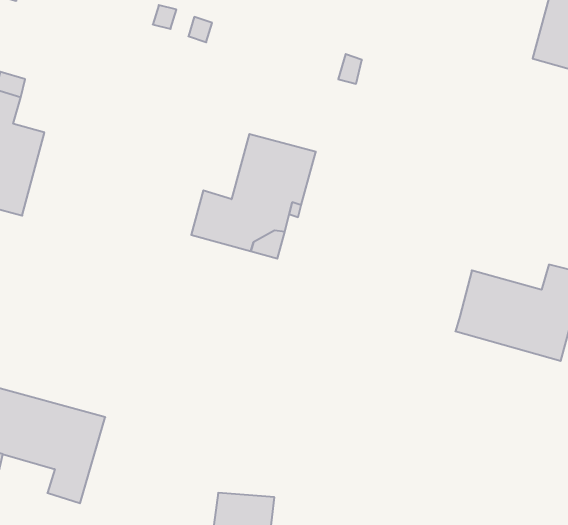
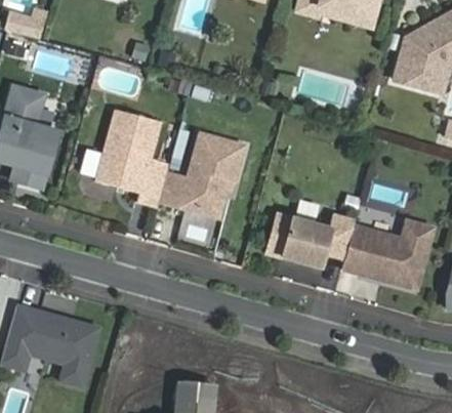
building: none -> [96,109,169,206]
building: none -> [265,213,355,266]

